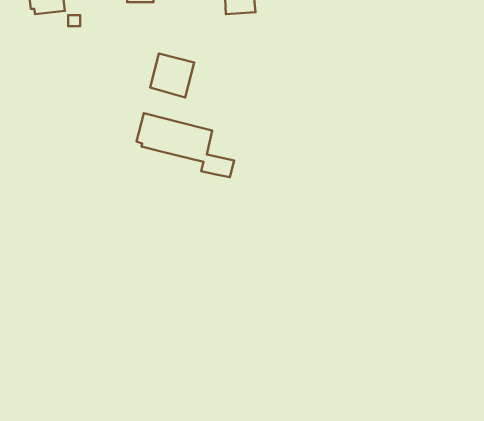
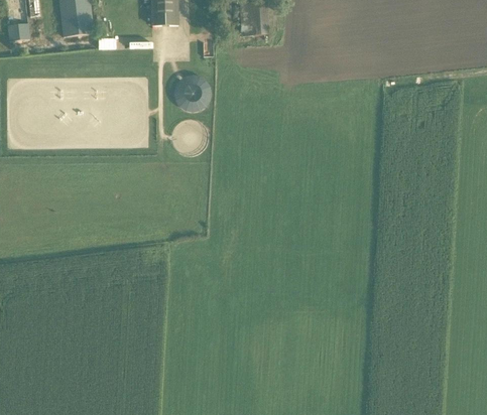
building: [137,113,234,177] -> none

